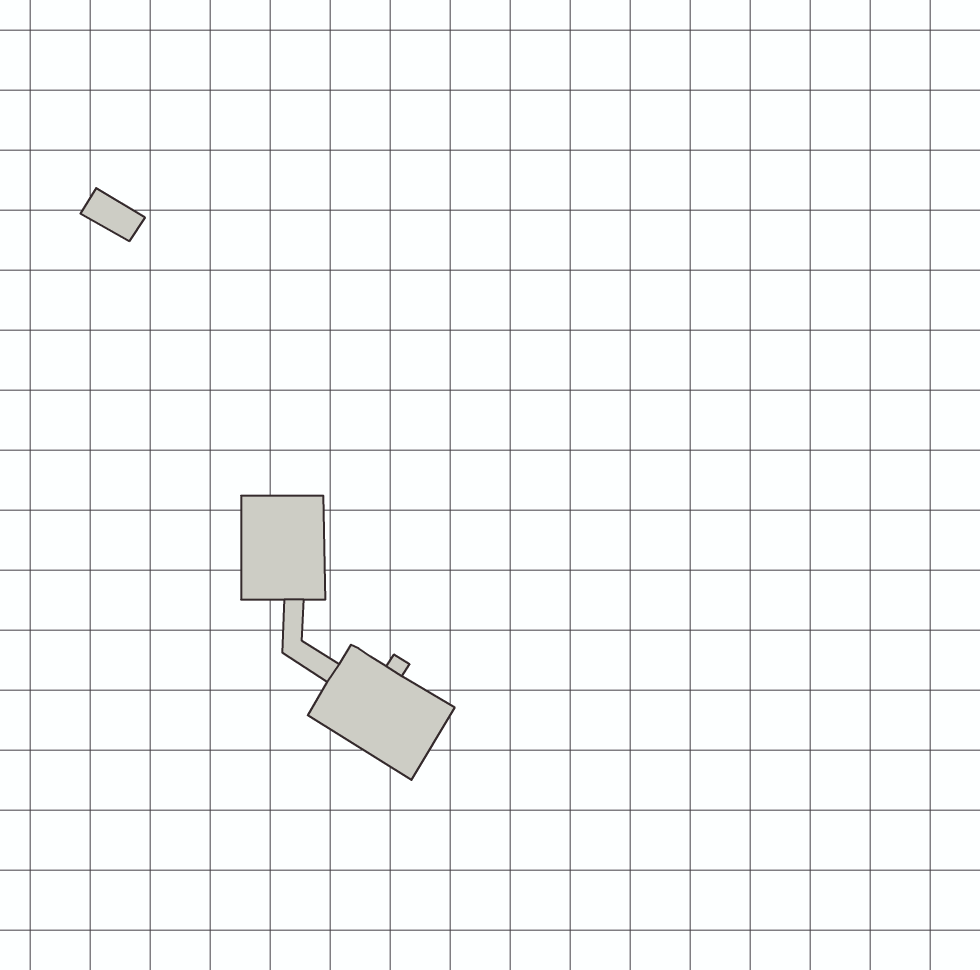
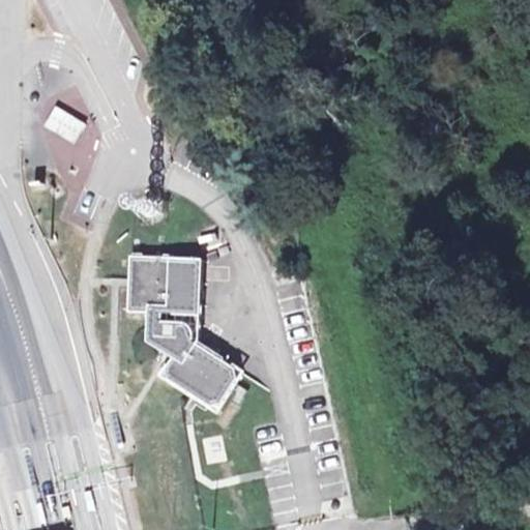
building: none -> [171,262,199,347]

